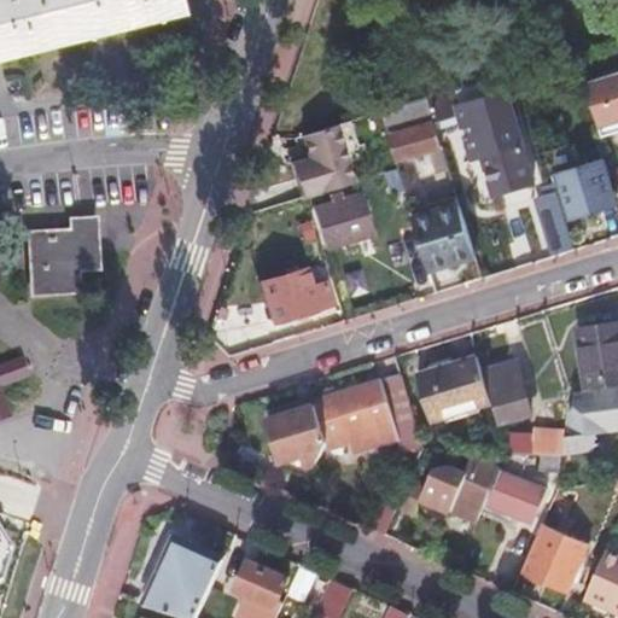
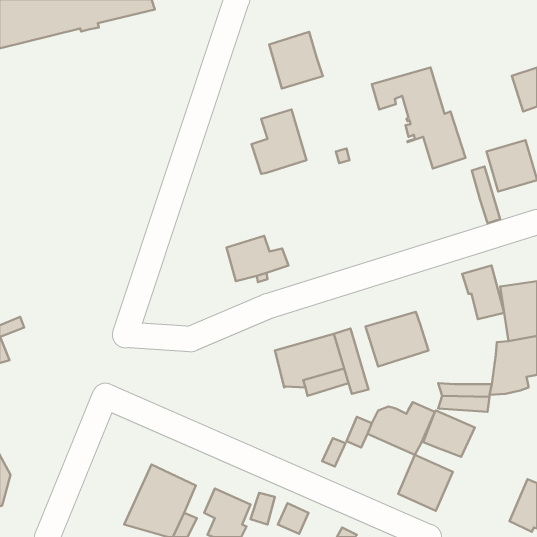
building: [380,97,442,162] -> [269,32,323,89]
building: [314,194,371,247] -> none
building: [412,204,476,274] -> none
building: [27,217,93,293] -> none
building: [482,362,530,424] -> [462,265,504,319]
building: [268,406,326,466] -> none
building: [523,526,585,590] -> [398,455,453,511]

